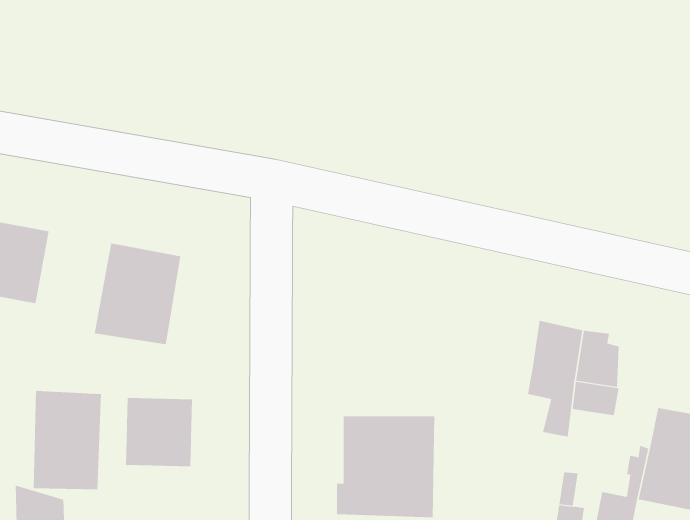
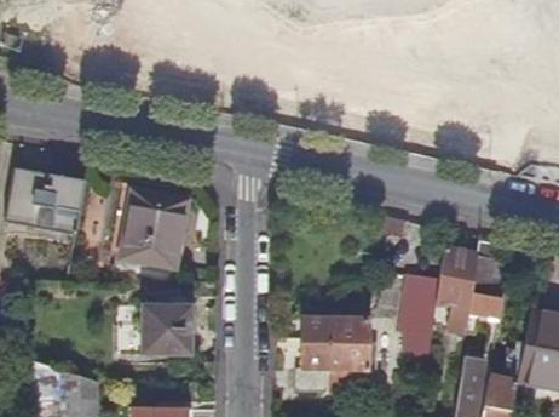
building: none -> [399,275,440,364]
building: [33,390,101,490] -> none

